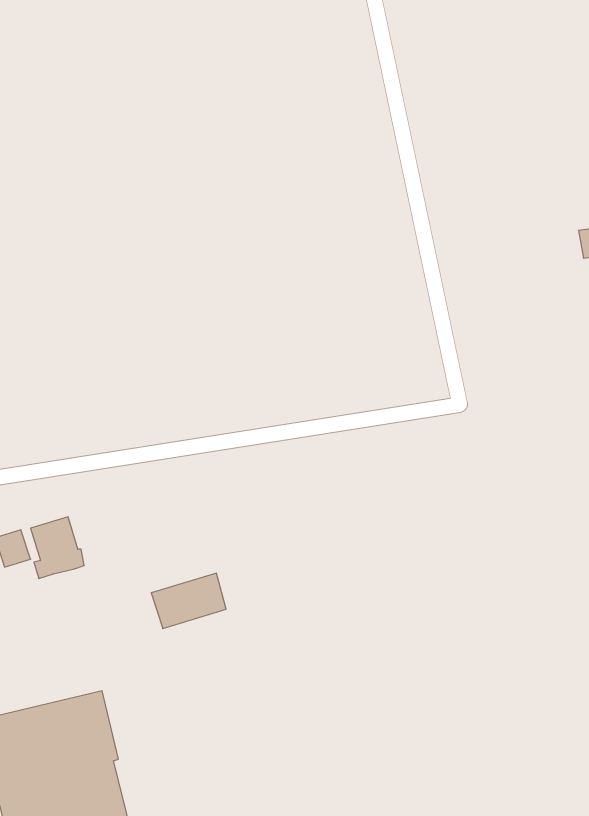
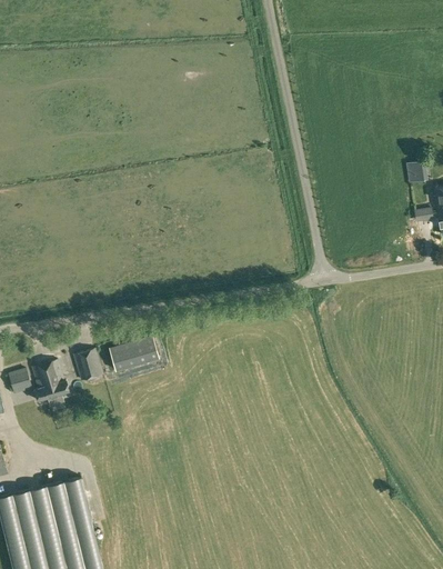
building: none -> [72,349,102,381]
building: [151,573,226,629] -> [107,332,158,370]

